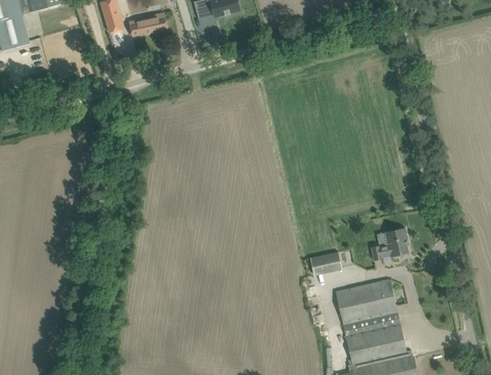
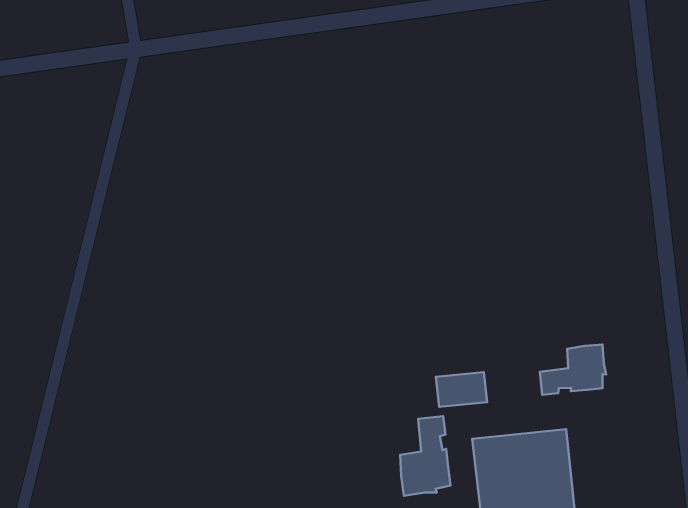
building: none -> [400,416,450,496]

